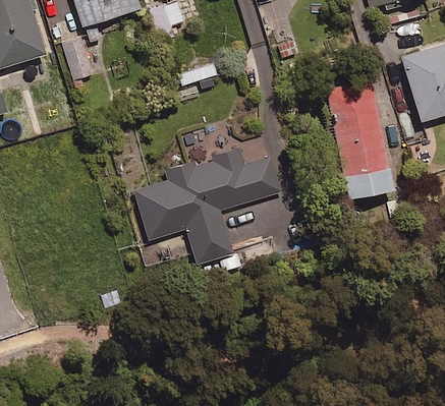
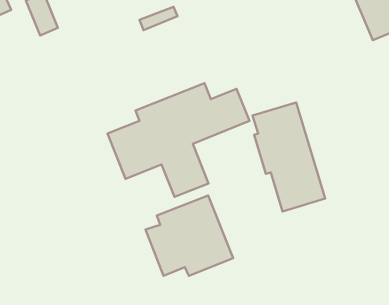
building: [325,81,392,193] -> [252,102,325,212]
building: none -> [146,195,233,276]

